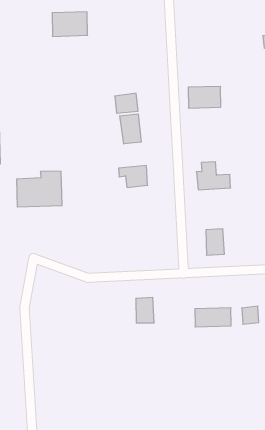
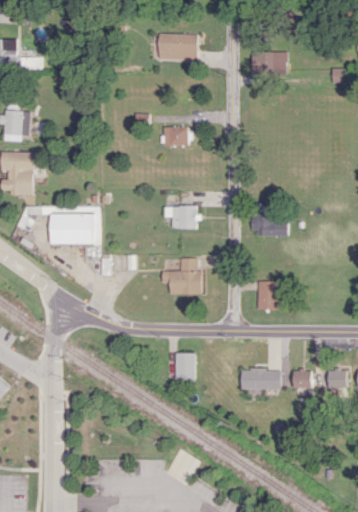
building: [52,12,88,36] -> [160,33,200,60]
building: [188,86,221,108] -> [252,51,289,75]
building: [120,114,141,144] -> none
building: none -> [161,258,201,294]

